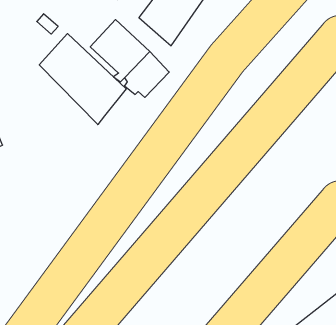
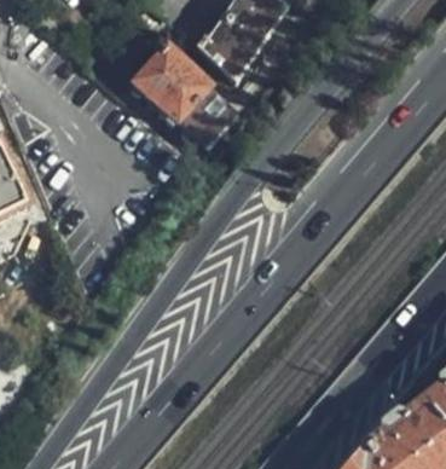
building: [39,34,126,125] -> none

